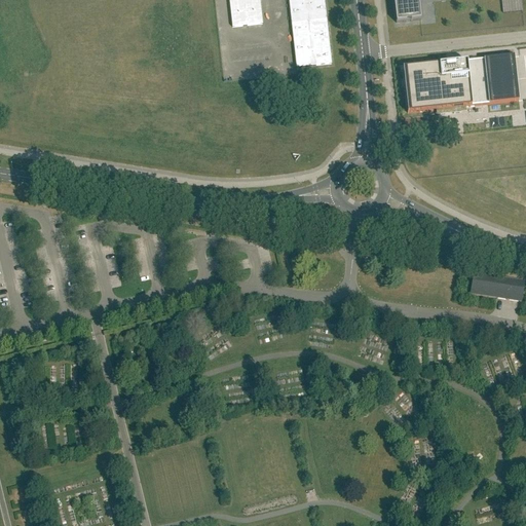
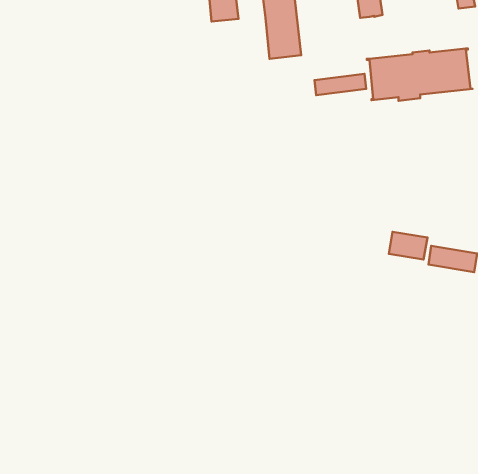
building: none -> [314,74,366,95]
building: none -> [389,232,427,260]

